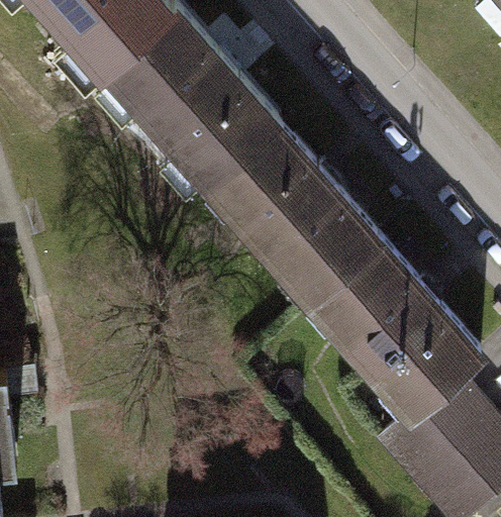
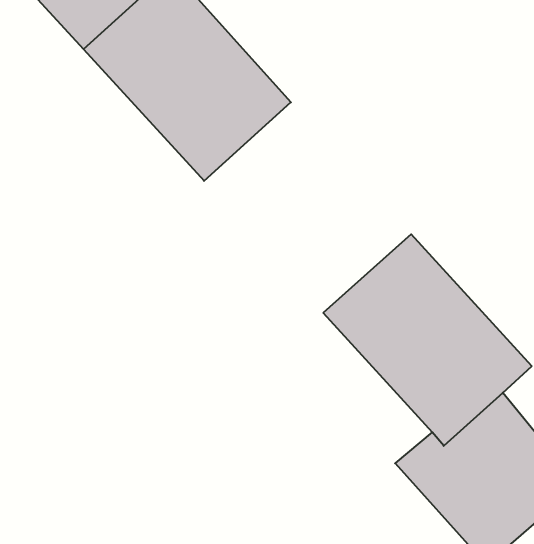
building: [207,126,388,310] -> none

